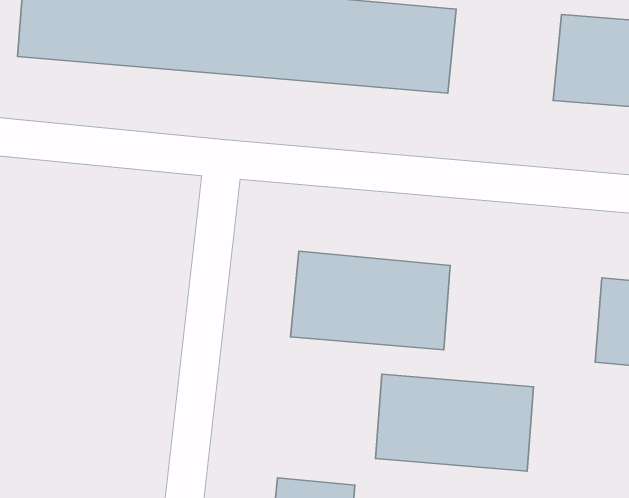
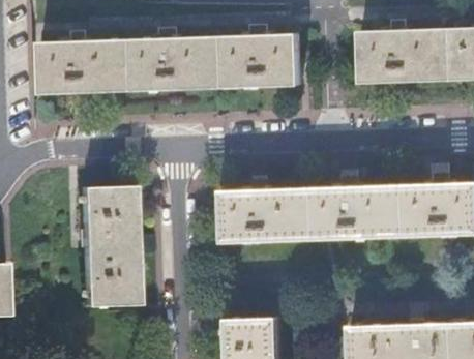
building: none -> [81,186,131,306]
building: [376,374,533,471] -> [313,185,406,239]

